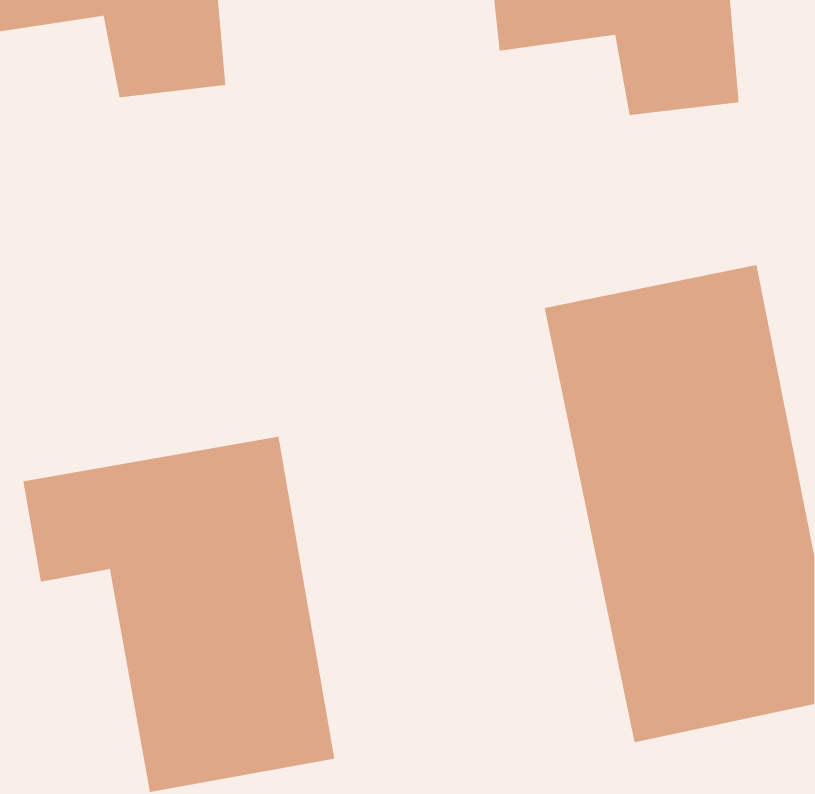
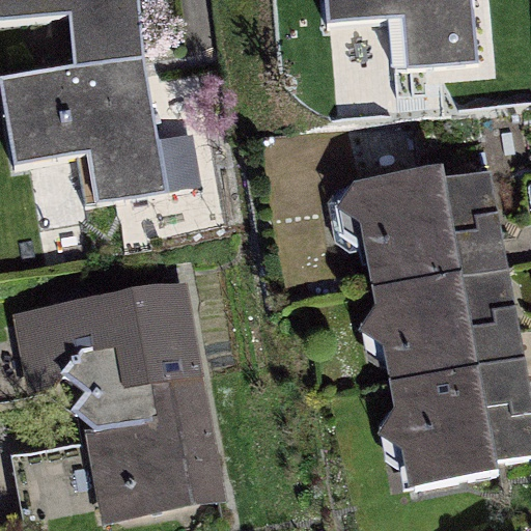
building: none -> [11,55,168,206]

